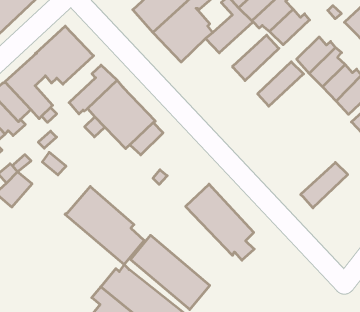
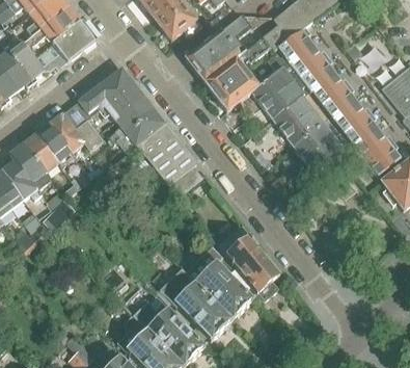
building: none -> [323,82,357,117]
building: none -> [263,79,308,120]
building: none -> [284,106,329,147]
building: none -> [110,97,152,141]
building: [301,162,348,208] -> [304,132,350,173]
building: [65,186,144,264] -> [183,245,254,321]

